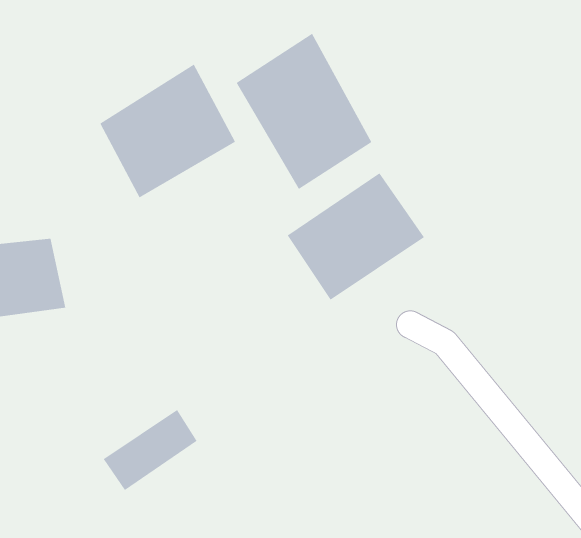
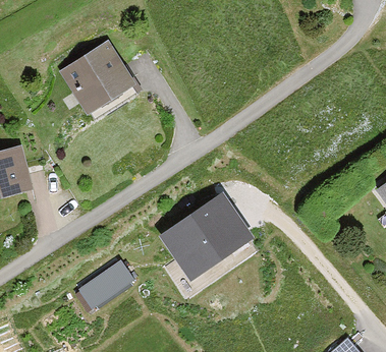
building: [236,33,372,190] -> none
building: [287,173,425,300] -> [155,199,239,278]

